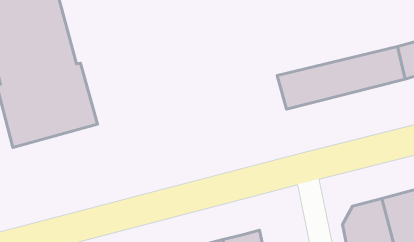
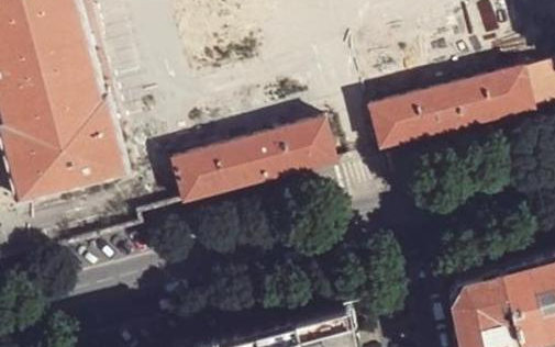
building: none -> [171,117,335,200]

